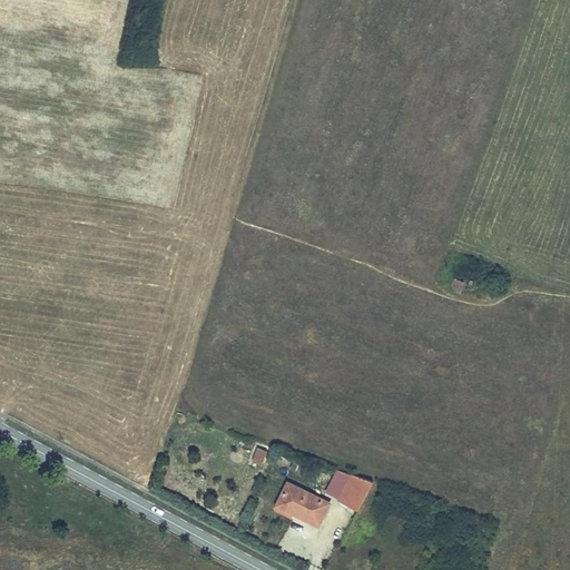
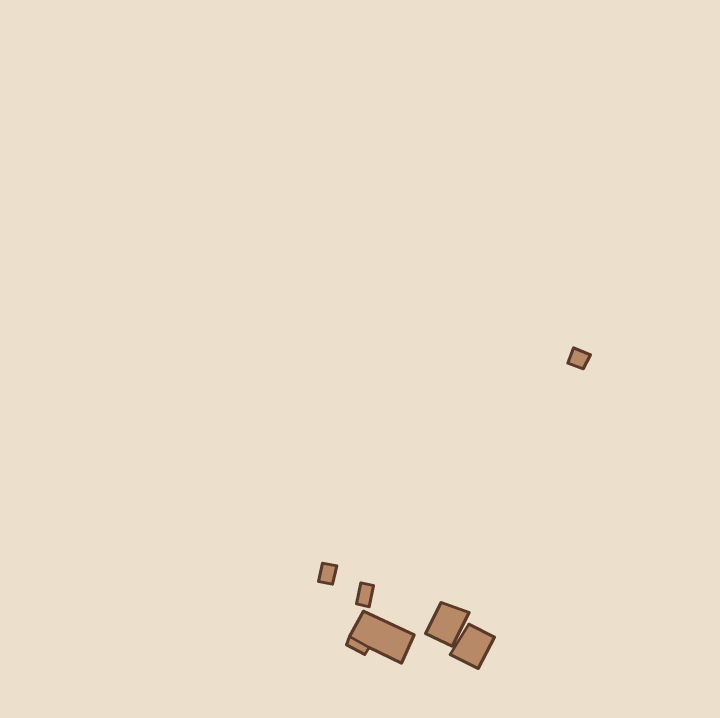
building: none -> [450,624,495,669]

